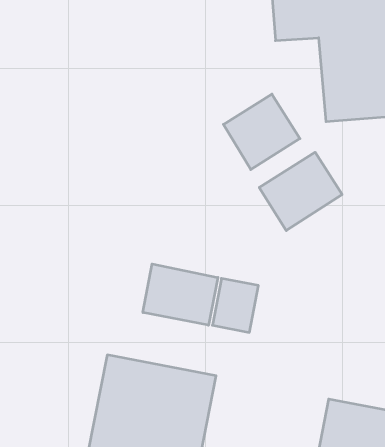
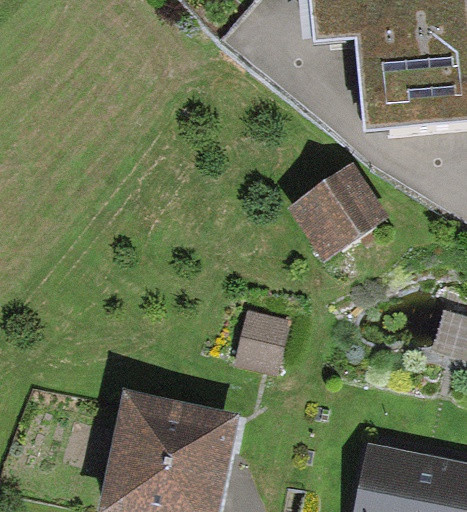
building: [223,94,300,170] -> none
building: [143,264,218,325] -> none

